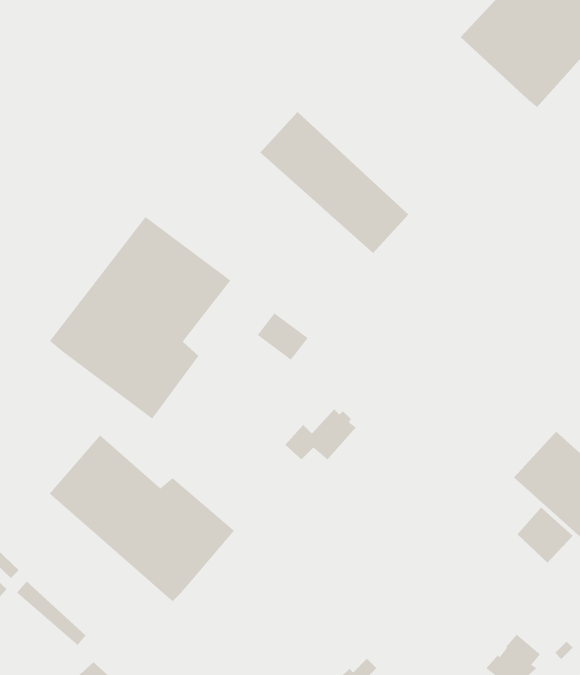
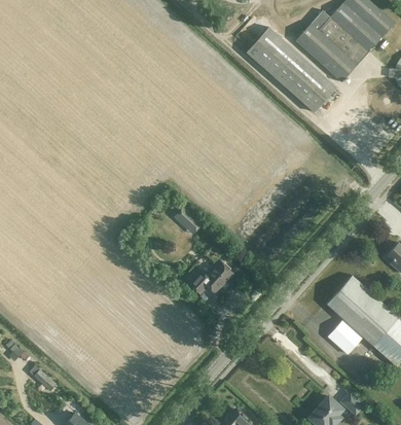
building: [260,111,409,254] -> [245,27,334,112]
building: [49,216,231,419] -> none
building: [49,434,235,602] -> none

